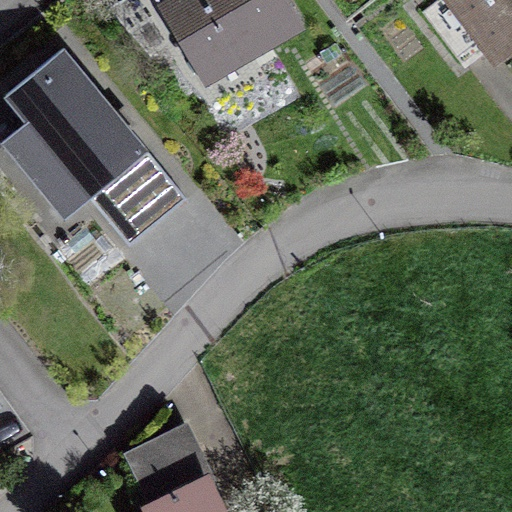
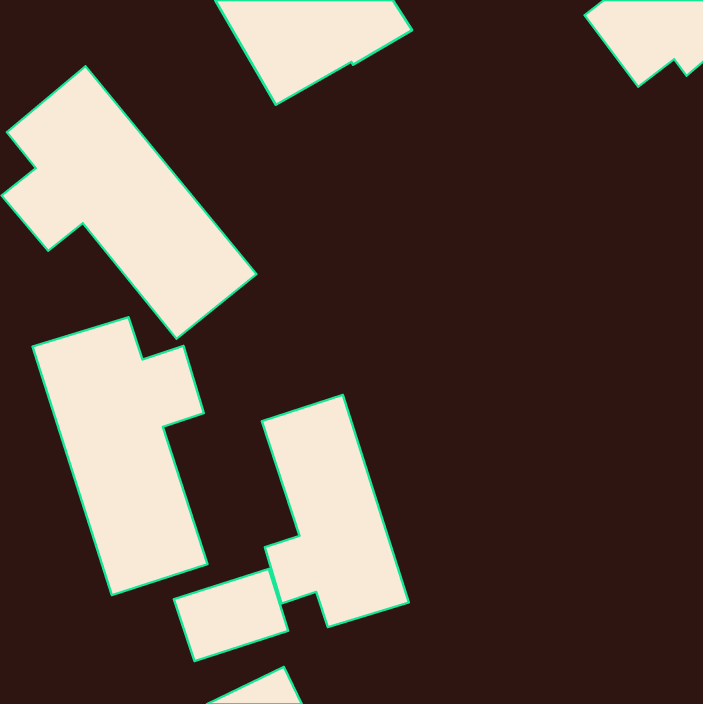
building: none -> [33,317,208,595]
building: none -> [262,395,409,627]

